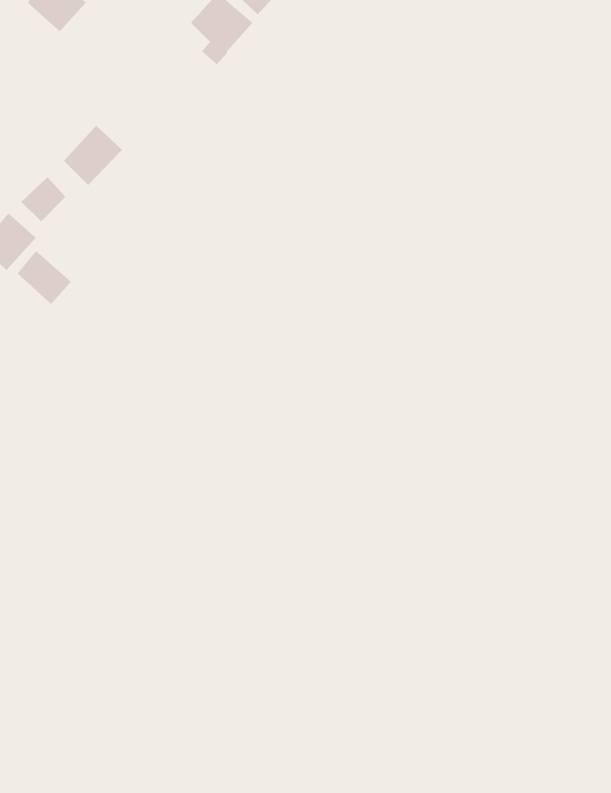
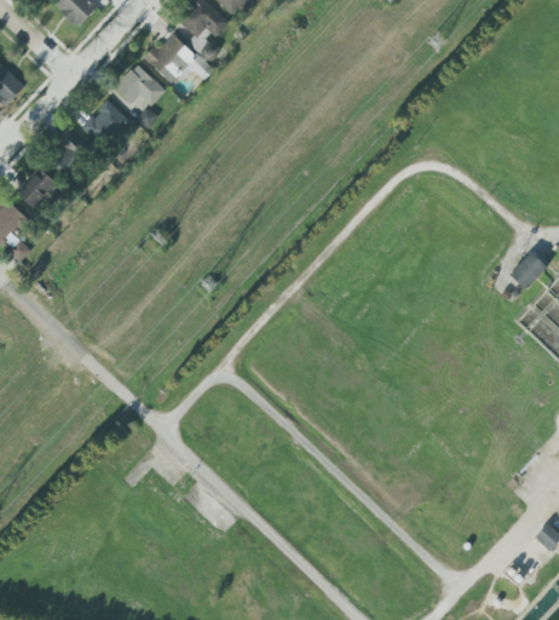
building: none -> [143,33,212,84]
building: none -> [114,63,165,107]
building: [17,250,72,305] -> none

